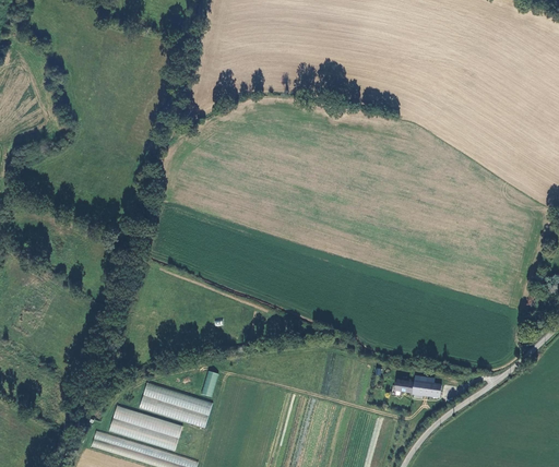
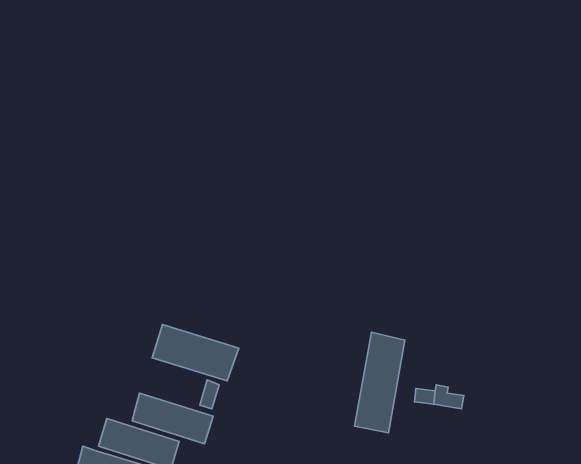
building: none -> [152,325,239,381]
building: none -> [354,332,405,433]

